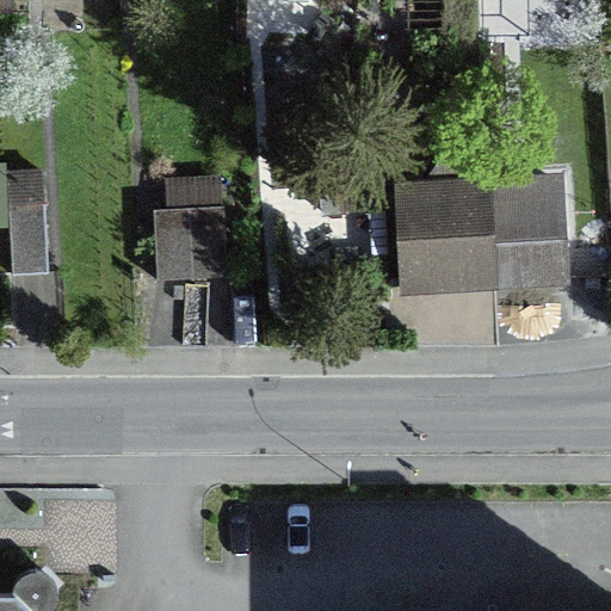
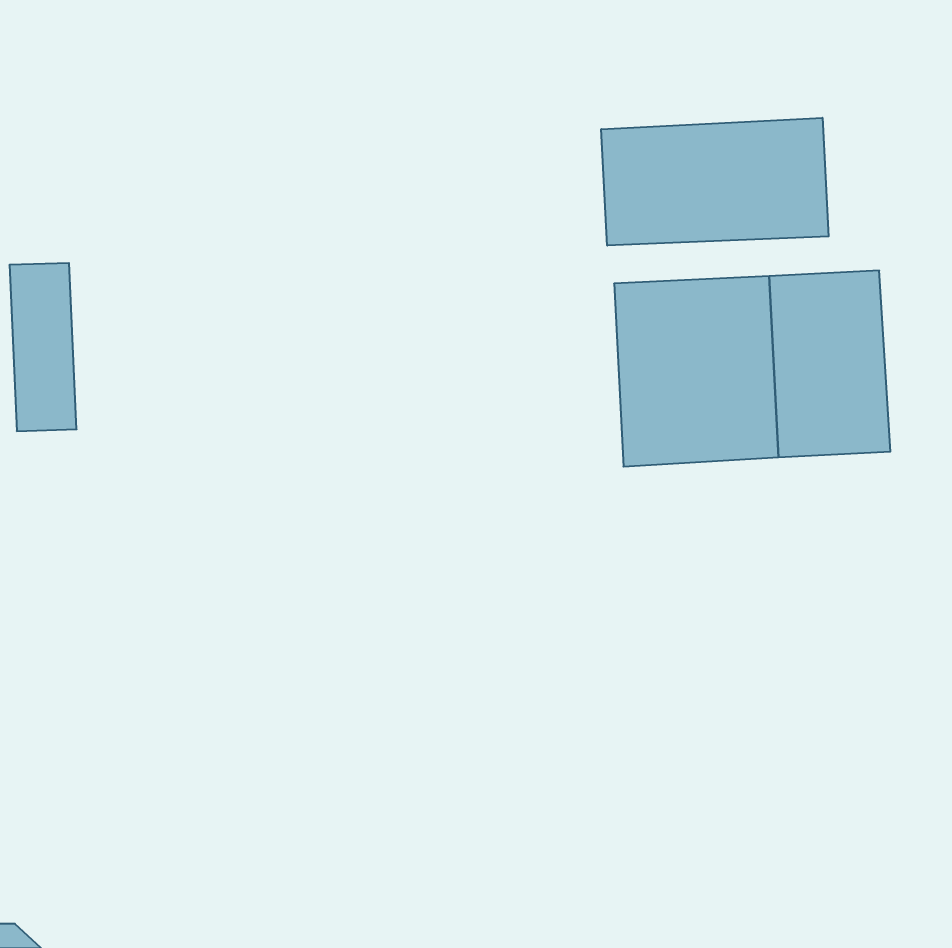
building: none -> [601,118,829,246]
building: [153,174,227,282] -> none

